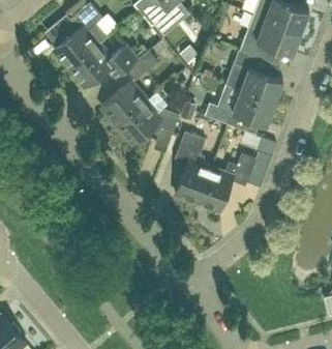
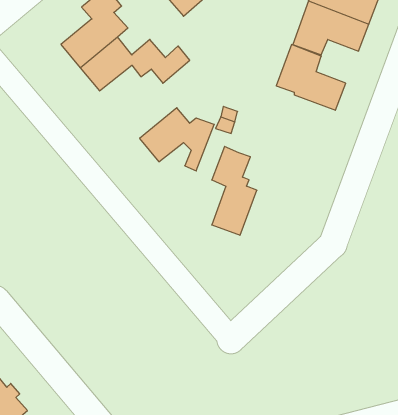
building: [101,81,147,124] -> none
building: [203,89,274,134] -> none
building: [198,139,276,210] -> none

